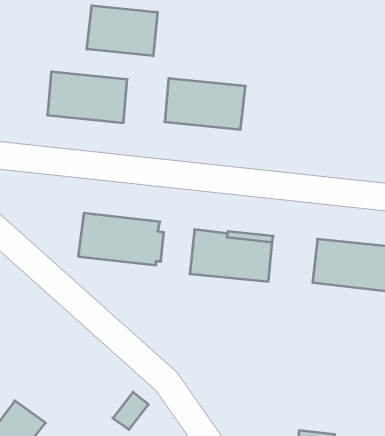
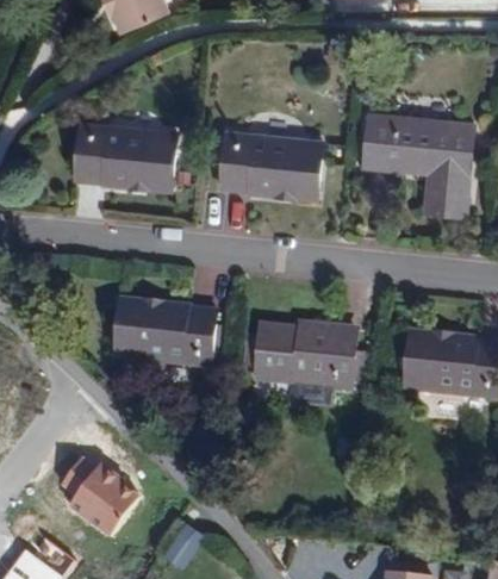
building: [87,6,157,56] -> none
building: none -> [365,113,474,216]
building: none -> [55,444,147,537]

